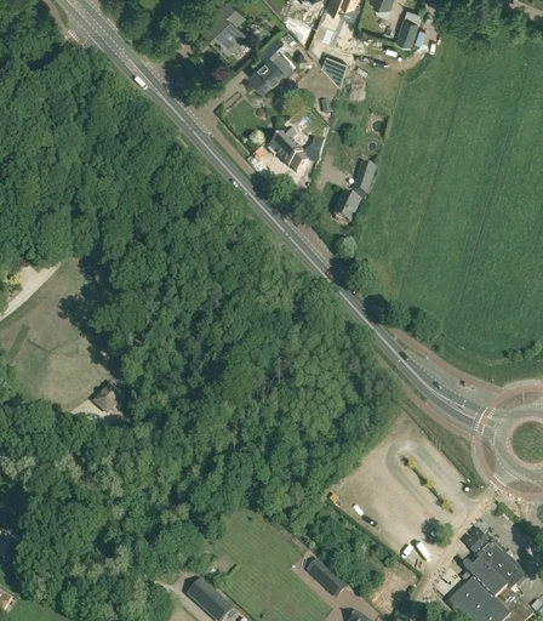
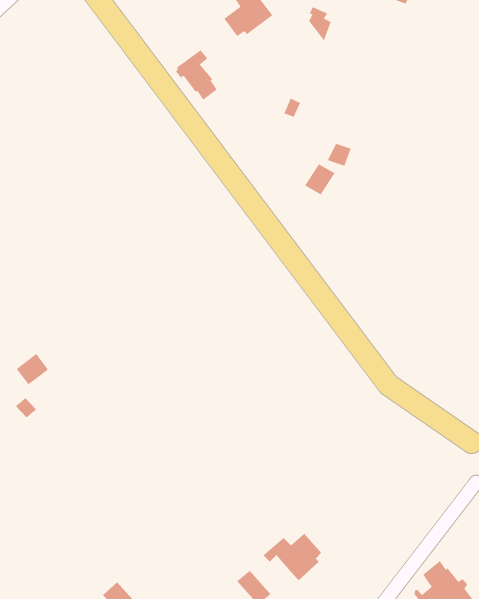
building: [269,129,308,173] -> [175,49,218,100]
building: none -> [263,533,322,581]

